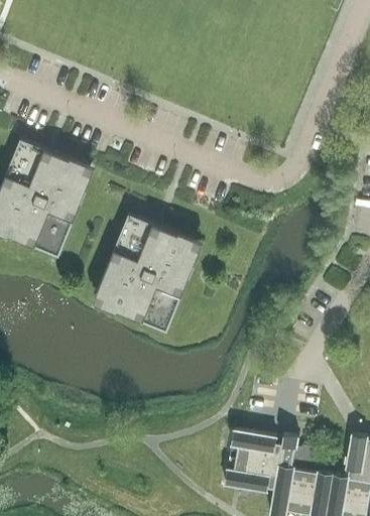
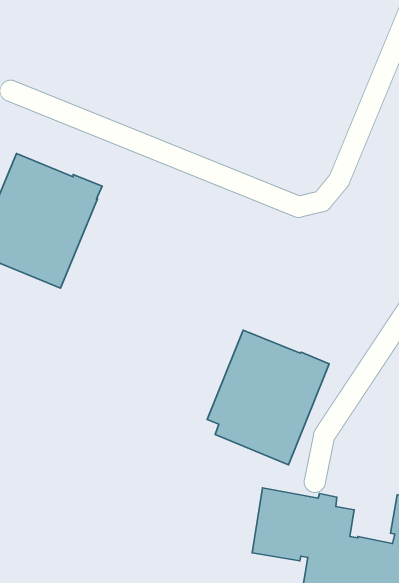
building: [96,214,202,331] -> [207,330,329,465]

